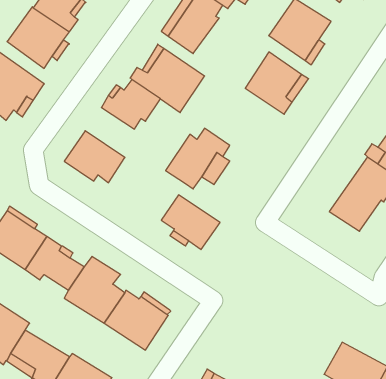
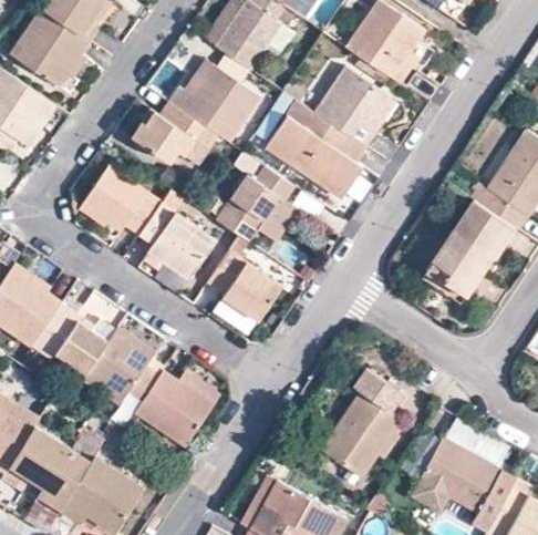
building: none -> [268,101,365,193]
building: none -> [141,203,217,279]
building: none -> [320,372,400,477]

